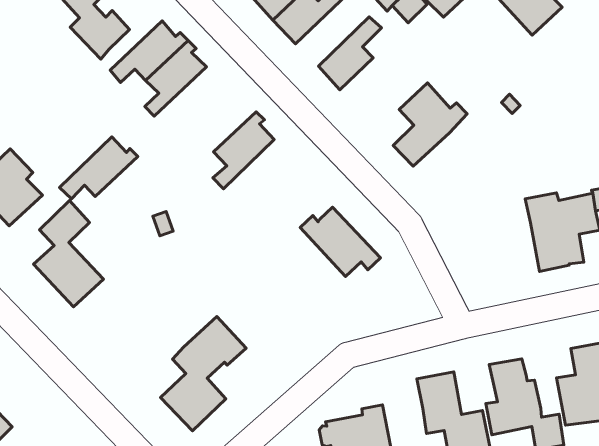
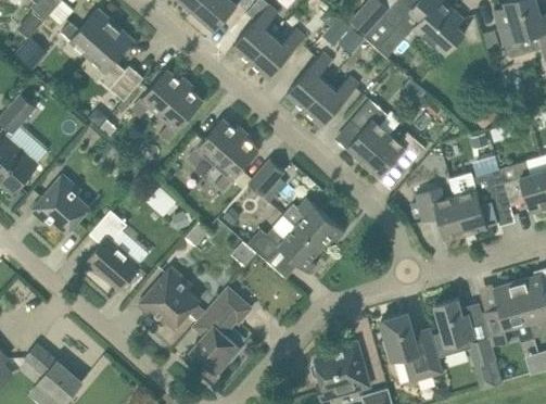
building: none -> [304,77,358,125]
building: none -> [364,132,426,177]
building: [59,137,138,199] -> [187,118,243,167]
building: none -> [247,159,283,197]
building: none -> [415,187,465,239]
building: none -> [246,215,320,274]
building: none -> [138,272,204,328]

